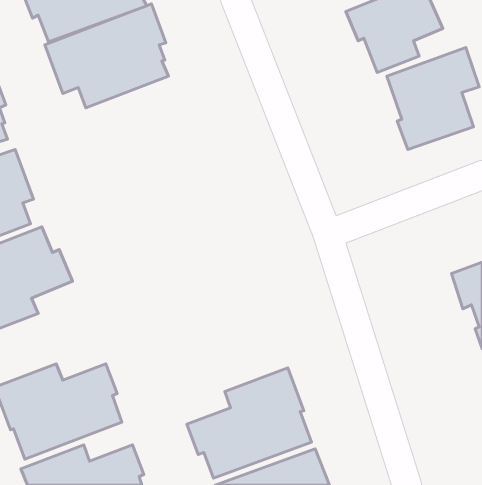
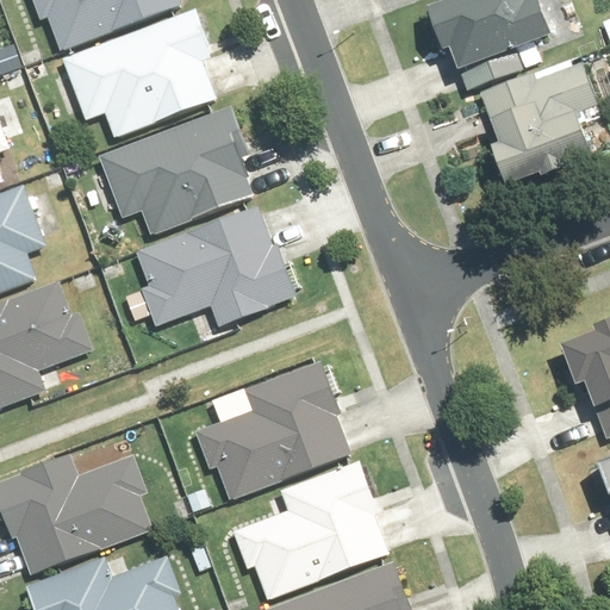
building: none -> [86,100,241,229]
building: none -> [138,210,297,330]
building: none -> [194,360,351,500]

